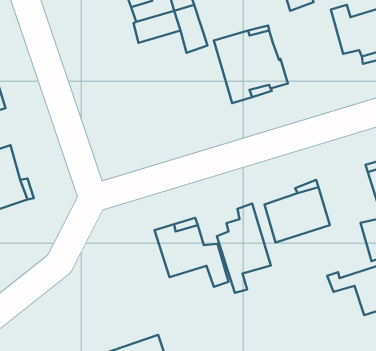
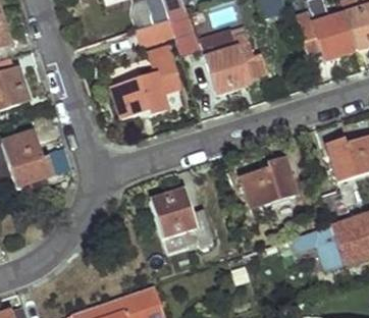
building: none -> [110,46,180,118]
building: [217,204,271,293] -> none

